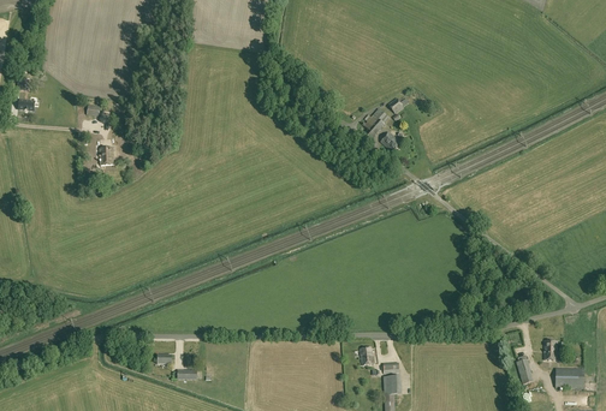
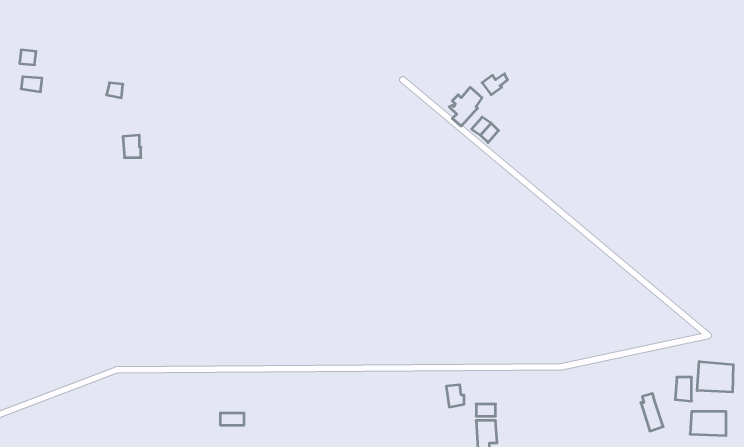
building: none -> [697,361,733,392]

